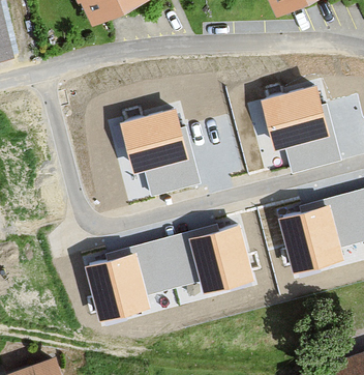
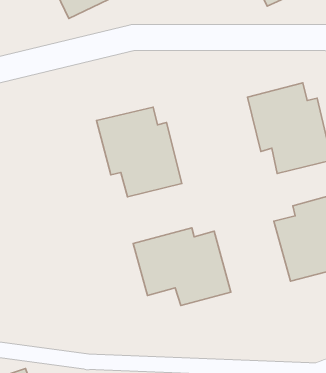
building: [83,239,165,324] -> none

